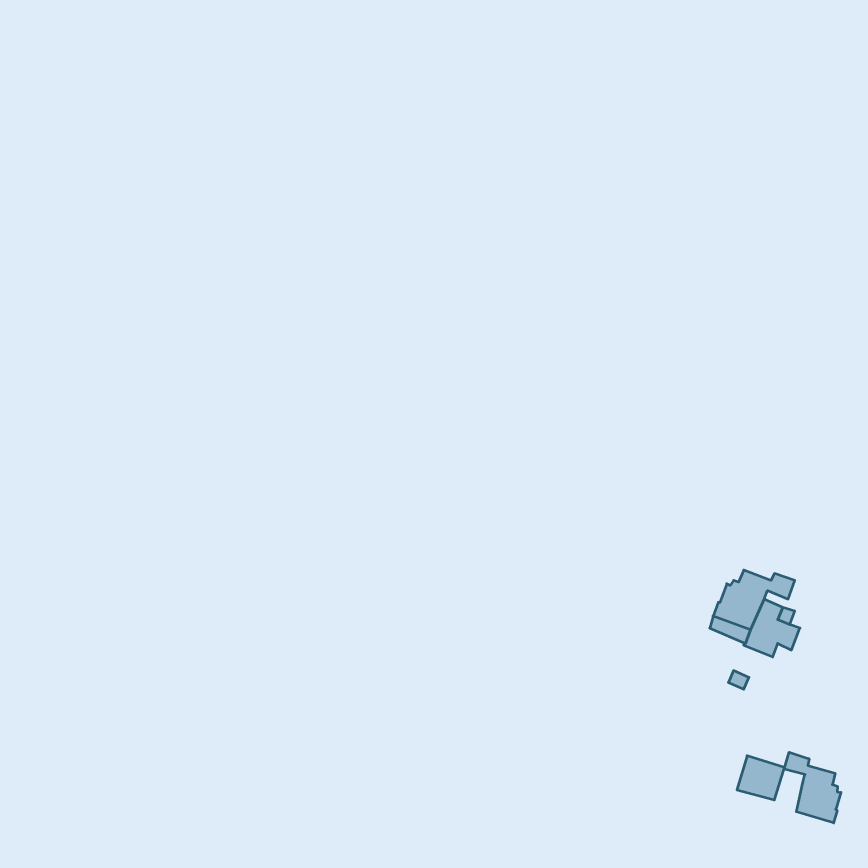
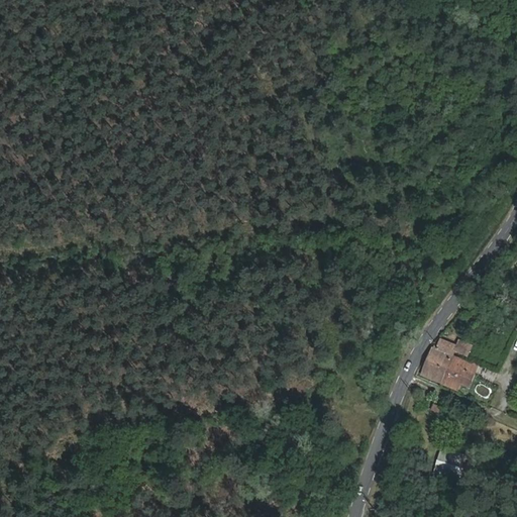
building: [784,752,841,823] -> none

